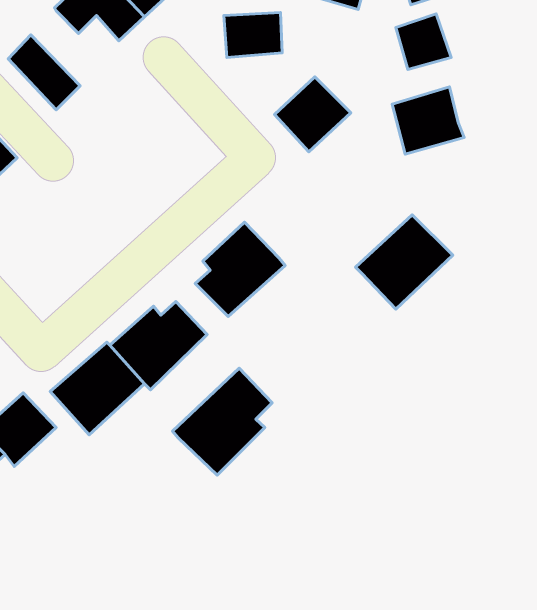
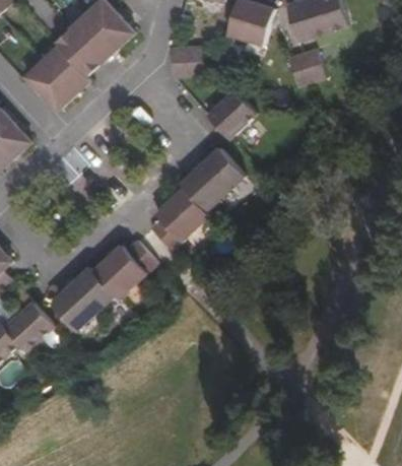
building: none -> [39,43,98,93]
building: [392,87,464,154] -> none
building: [355,215,453,309] -> [180,146,246,210]
building: [172,368,272,475] -> none

